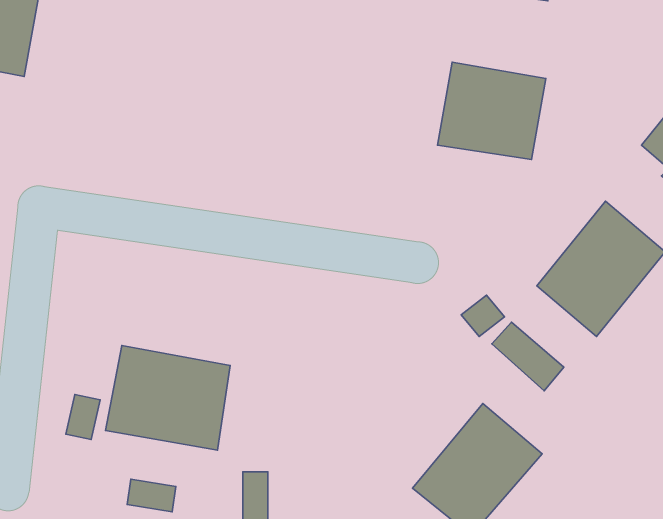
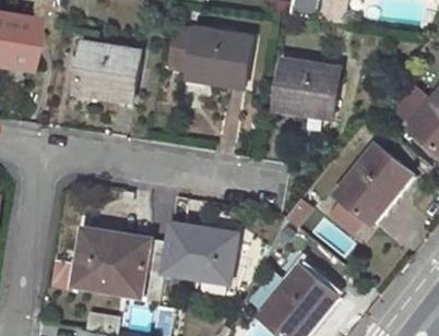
building: none -> [187,27,251,85]
building: none -> [76,41,137,98]
building: none -> [163,221,237,283]

